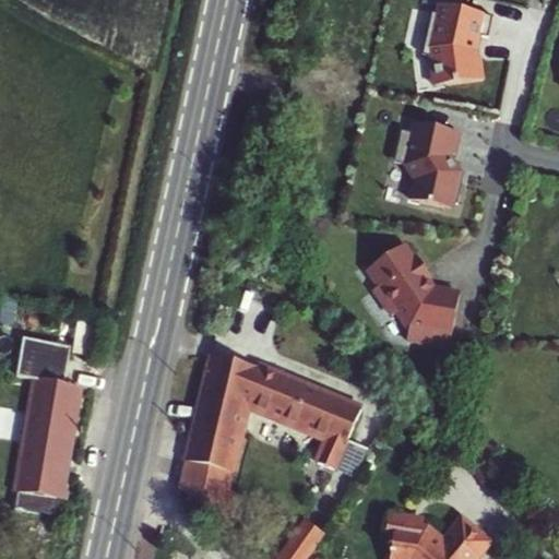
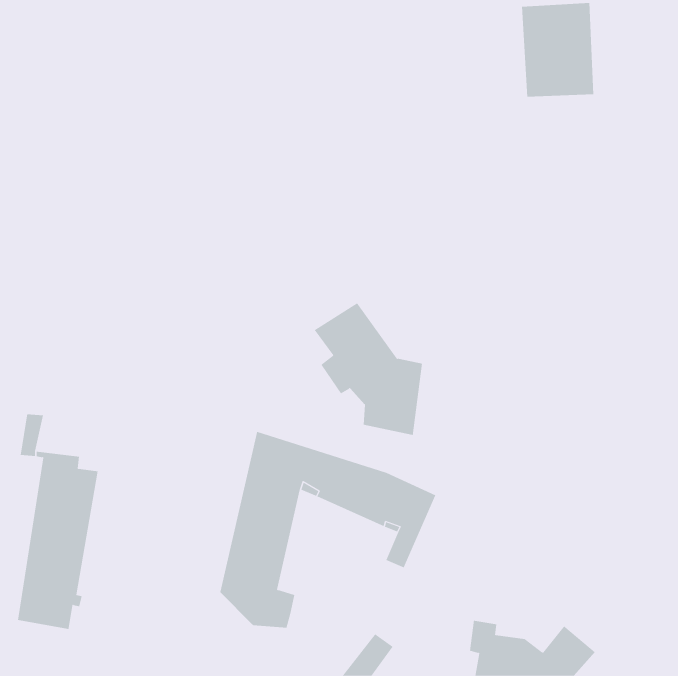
building: [386,122,463,210] -> none
building: [367,241,456,350] -> [314,302,423,435]
building: [29,341,71,374] -> none

